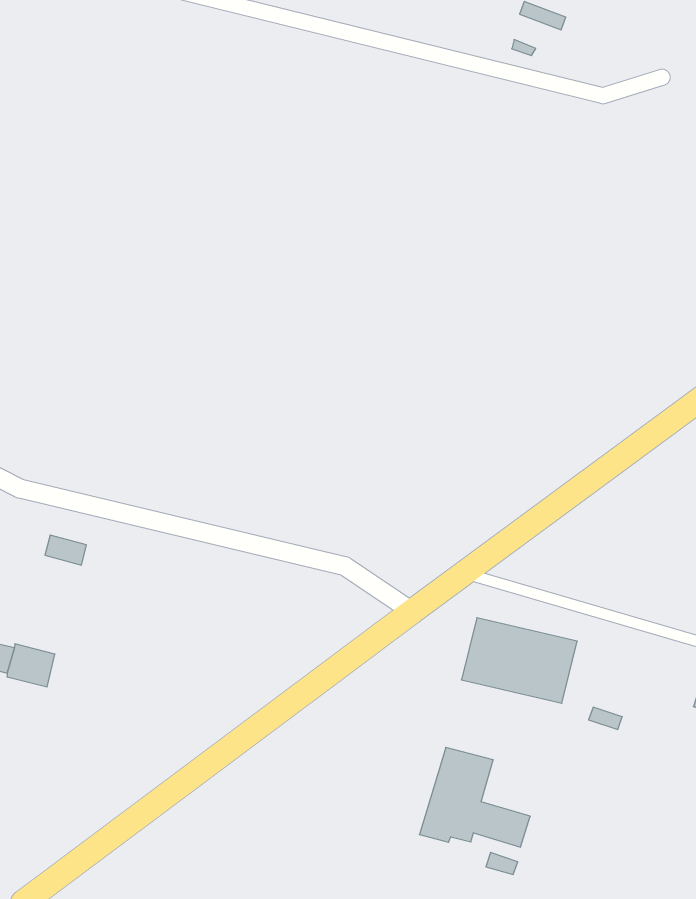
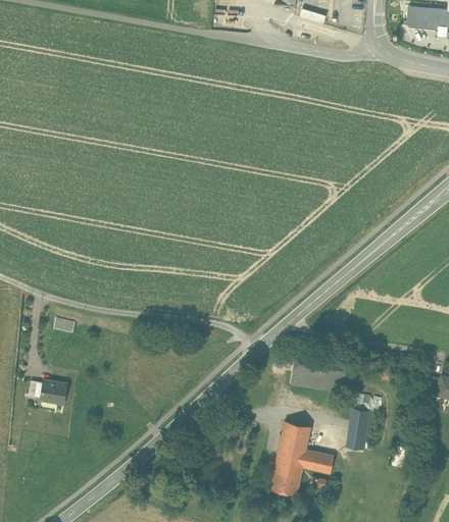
building: none -> [346,408,370,450]
building: none -> [269,470,302,494]

